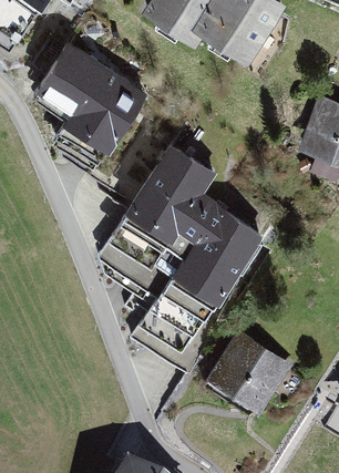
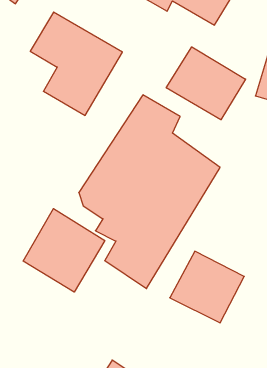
building: none -> [166,47,246,120]
building: none -> [23,209,105,292]

